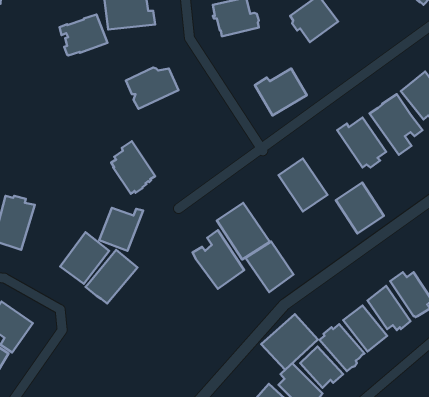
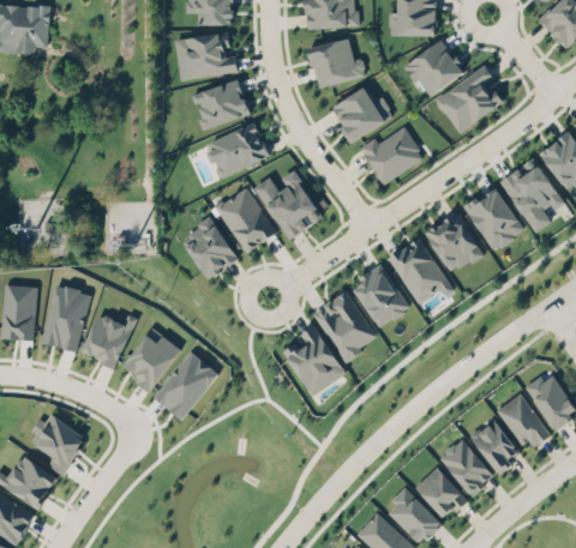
building: [59,15,107,56] -> [192,79,251,130]
building: none -> [436,65,502,134]
building: none -> [332,86,394,144]
building: none -> [254,171,324,240]
building: none -> [216,187,276,253]
building: [336,182,384,233] -> [425,212,484,275]
building: [99,208,143,251] -> [82,314,136,367]
building: [246,241,294,292] -> [350,266,409,329]
building: [261,314,318,370] -> none

